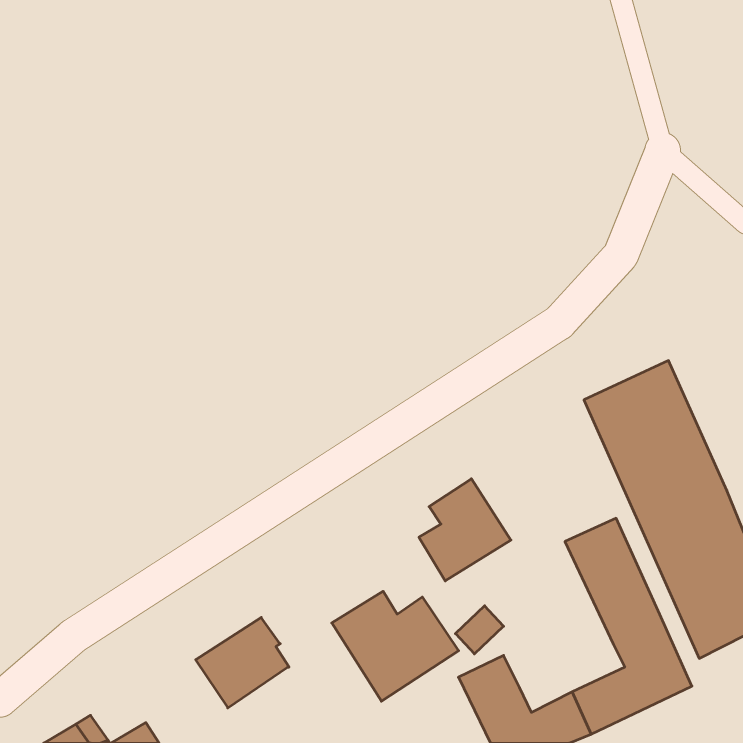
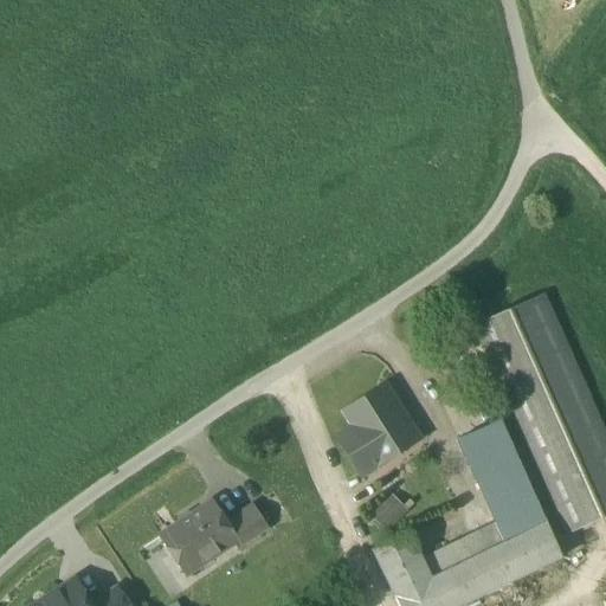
building: [332,591,459,701] -> none
building: none -> [226,503,270,547]
building: none -> [424,522,509,578]

